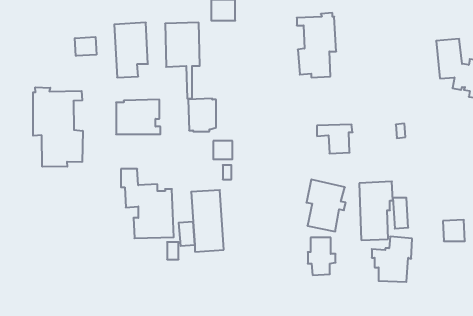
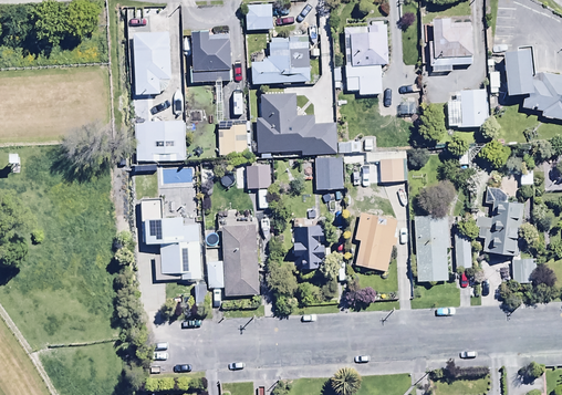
building: none -> [429,18,473,71]
building: none -> [250,34,310,83]
building: [75,37,96,56] -> none
building: none -> [447,89,488,126]
building: none -> [256,93,351,189]
building: [33,87,83,167] -> none
building: [372,237,412,282] -> [476,201,522,253]
building: [308,238,336,275] -> [293,226,325,269]

